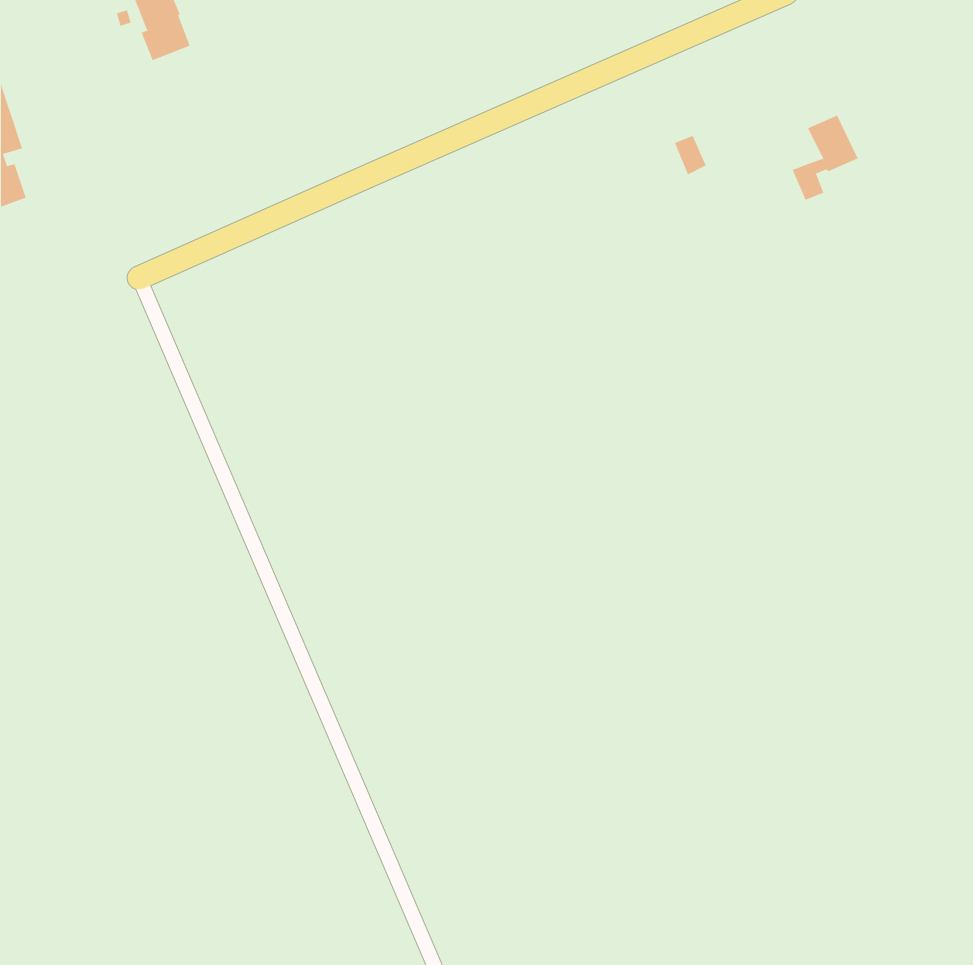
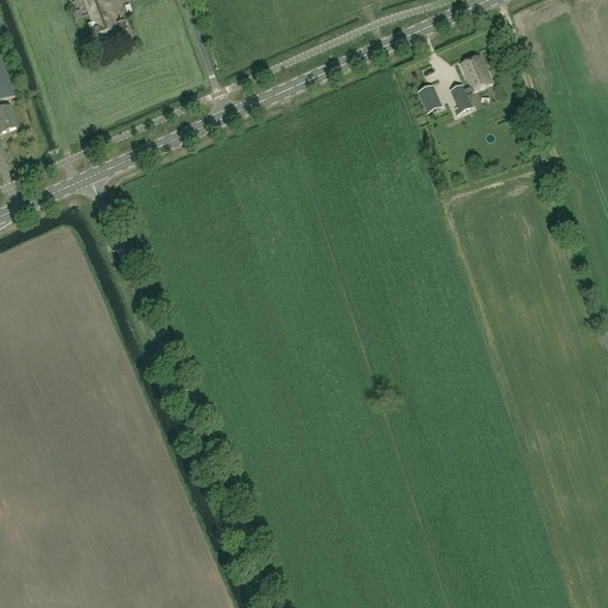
building: [792,115,859,200] -> [451,53,493,107]

